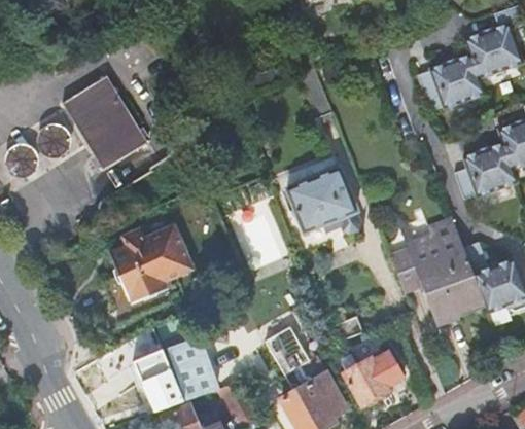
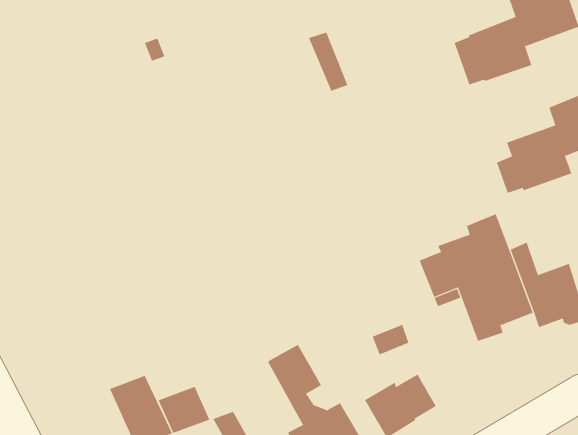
building: [61,73,143,171] -> none
building: [287,166,356,229] -> none
building: [109,223,194,301] -> none

